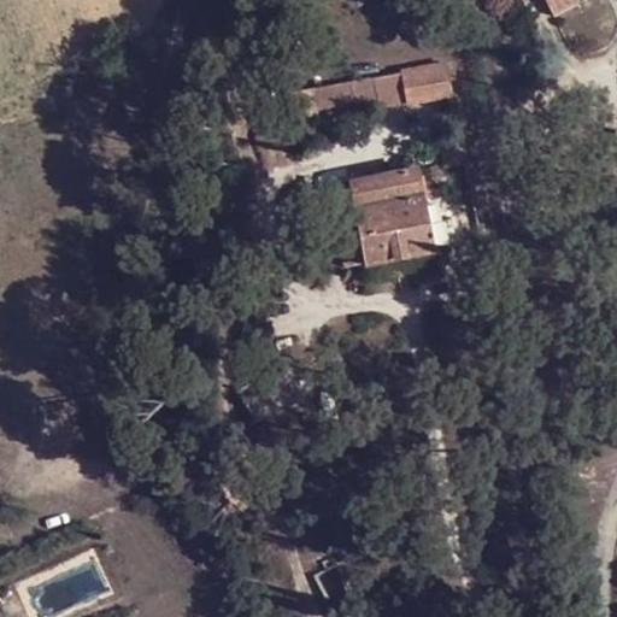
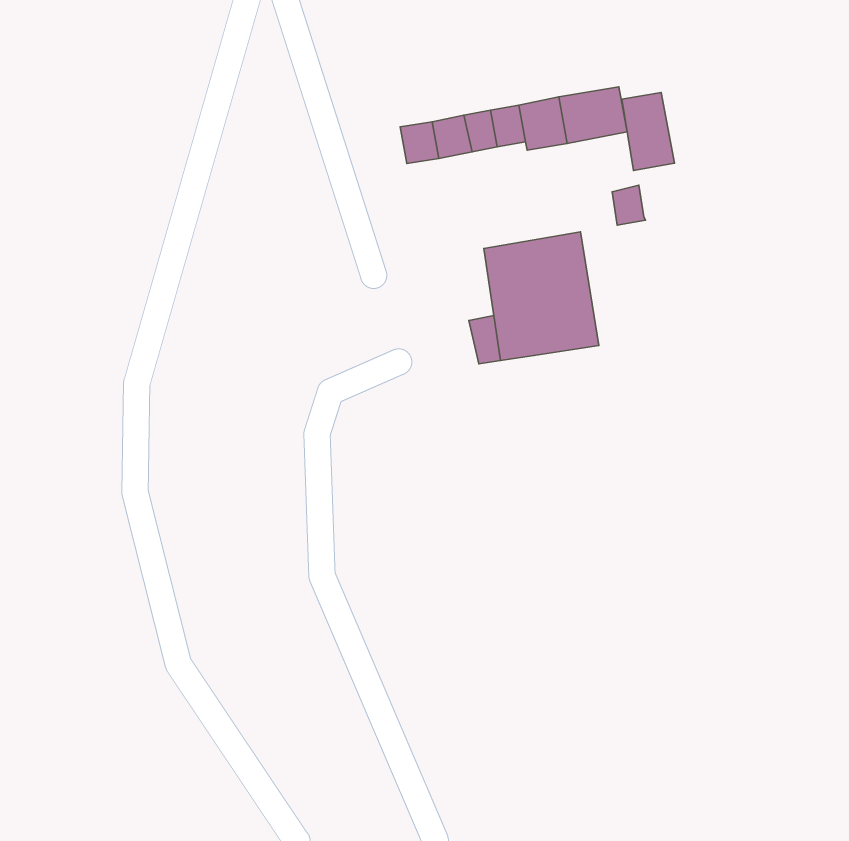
building: none -> [622,92,674,171]

